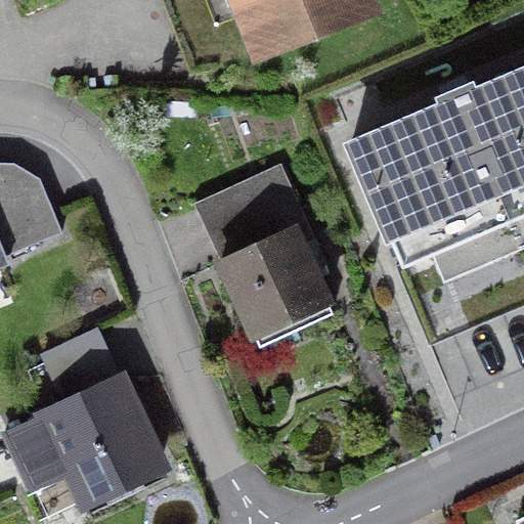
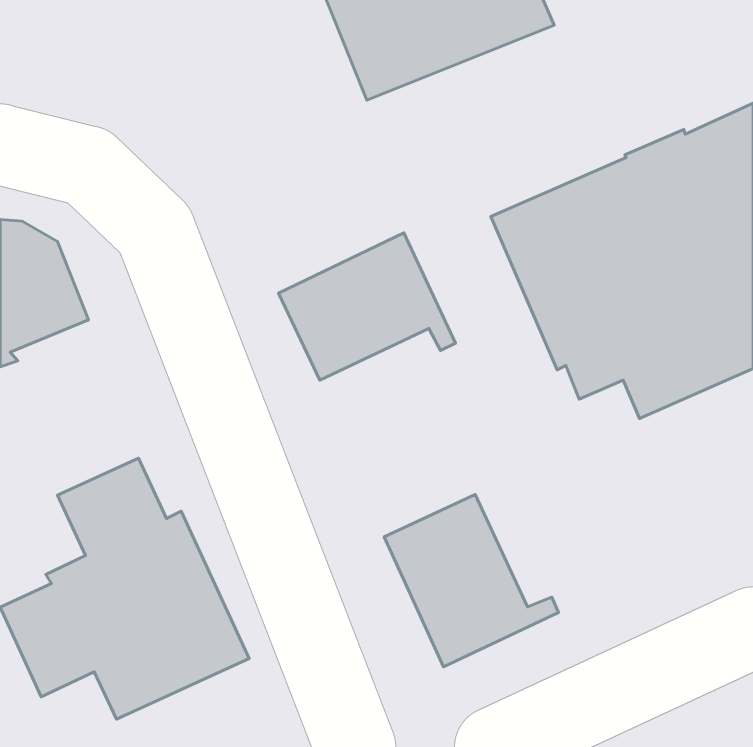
building: [212,228,337,348] -> none
building: none -> [384,494,559,667]

